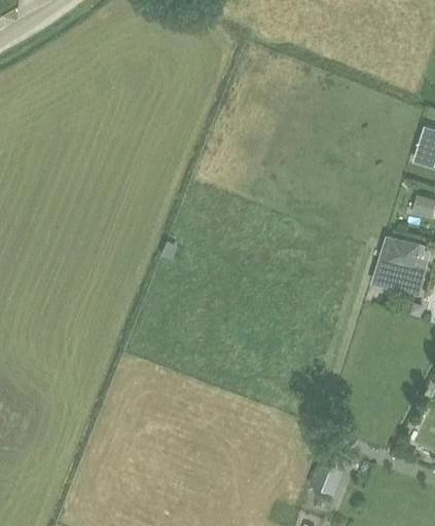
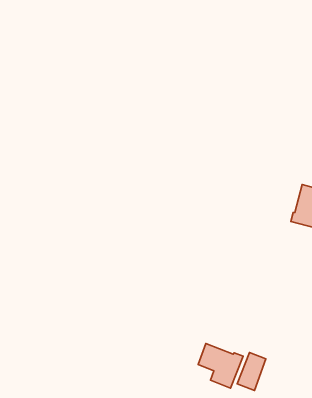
building: none -> [198,344,243,388]

